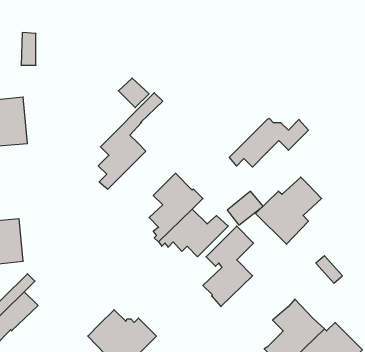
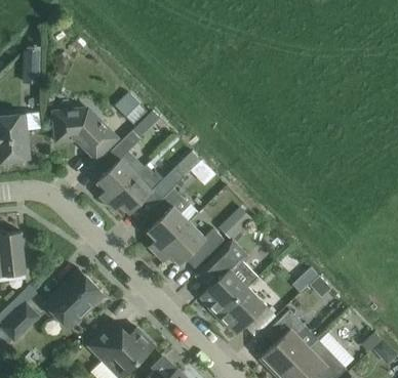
building: none -> [50,107,119,161]
building: [229,118,308,167] -> [107,166,184,213]
building: [256,177,322,244] -> none
building: none -> [43,269,104,330]
building: none -> [216,288,266,335]

